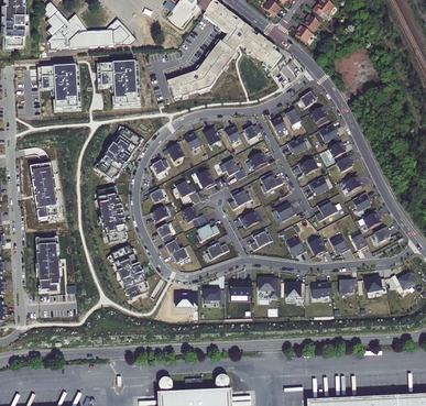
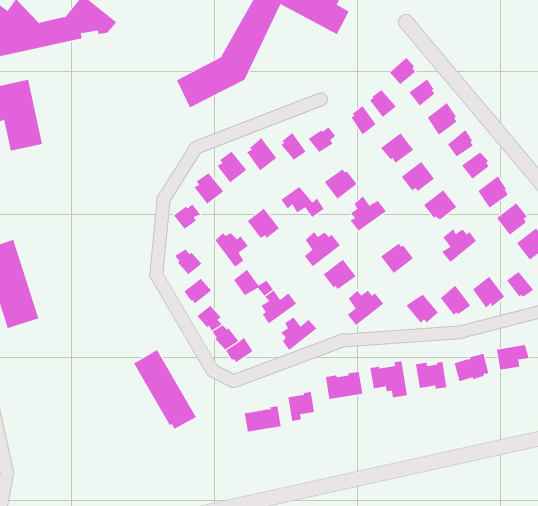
building: [101,62,138,103] -> none
building: [98,128,142,178] -> none
building: [98,186,125,242] -> none
building: [36,237,61,293] -> none

